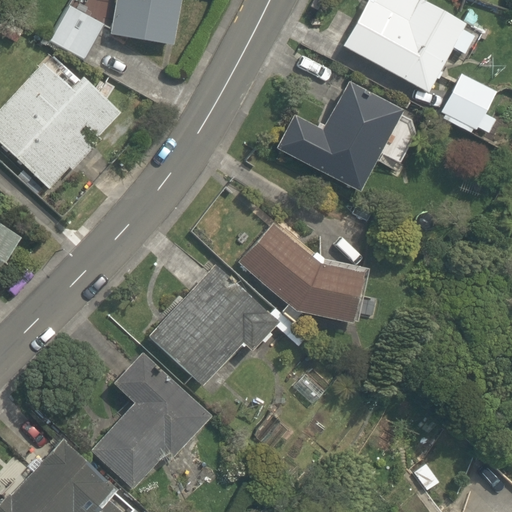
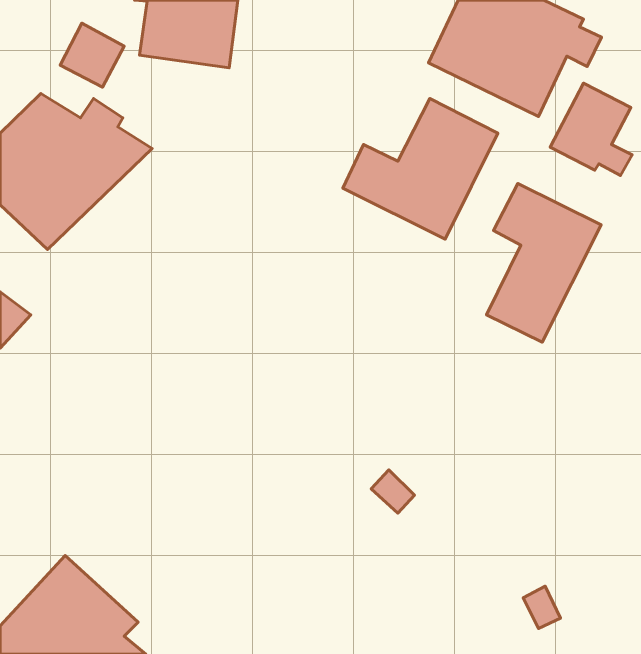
building: none -> [487,183,601,342]
building: [237,222,354,321] -> none
building: [147,263,273,382] -> none
building: [93,348,212,483] -> none

